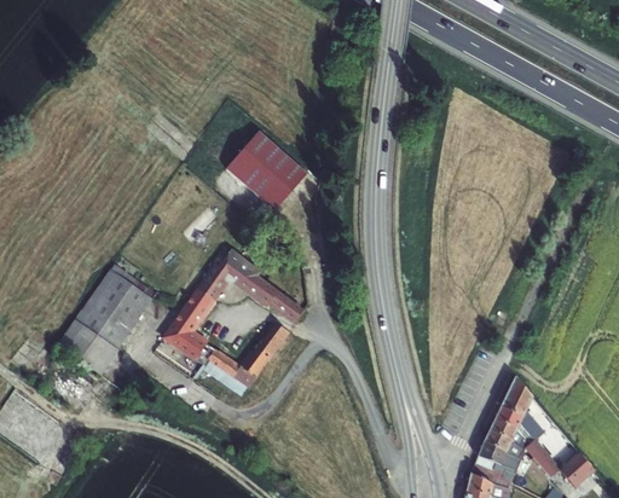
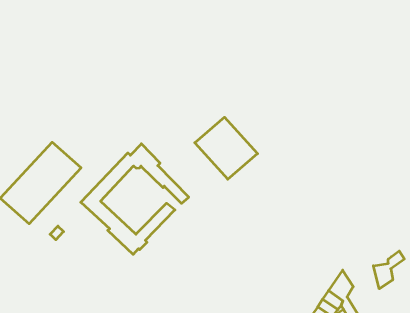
building: [226,131,310,210] -> [195,117,258,179]
building: none -> [373,251,404,289]

